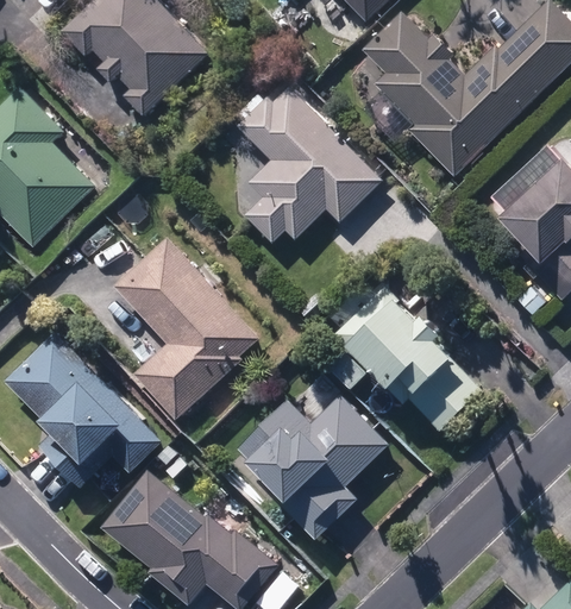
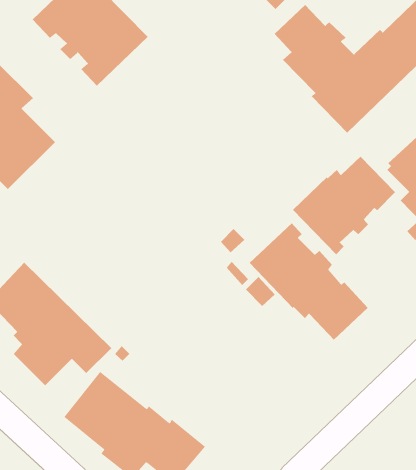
building: [237,86,381,241] -> none
building: none -> [292,156,396,255]
building: [114,236,261,421] -> none
building: [237,394,388,540] -> none

